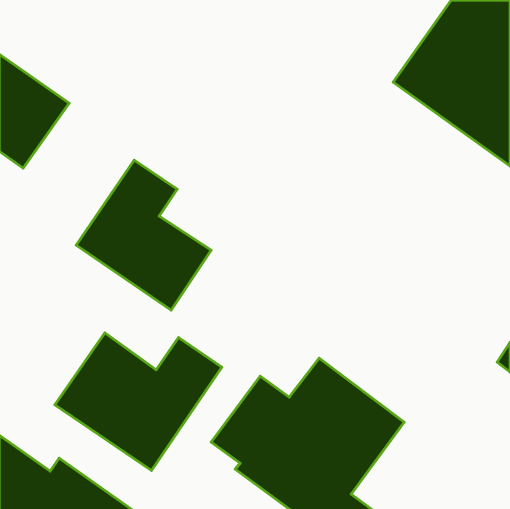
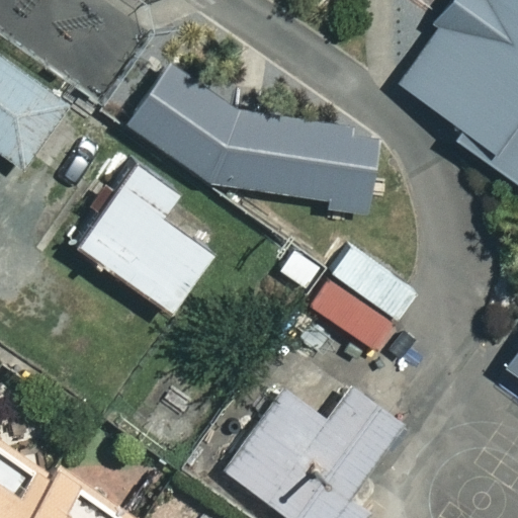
building: none -> [127,62,383,220]
building: none -> [309,243,419,353]
building: [55,333,222,471] -> none

